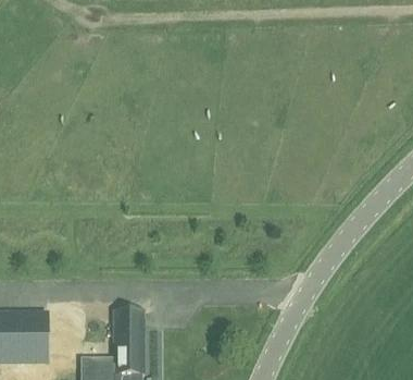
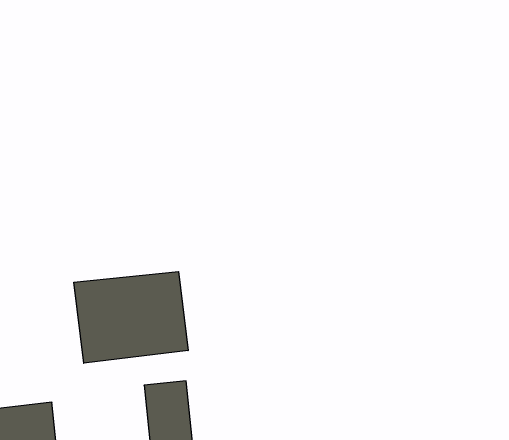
building: none -> [74,272,188,363]

